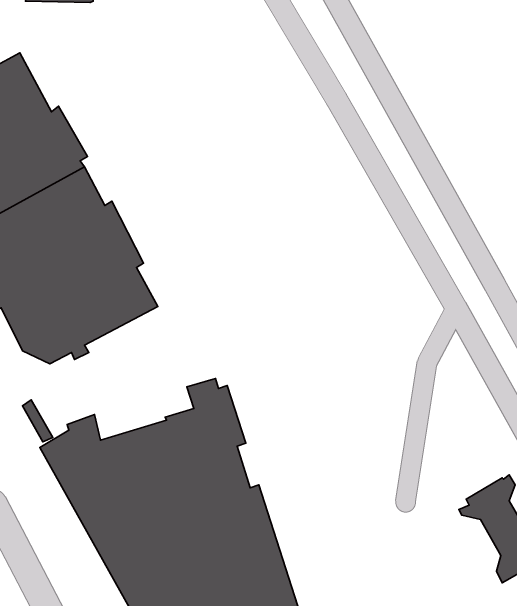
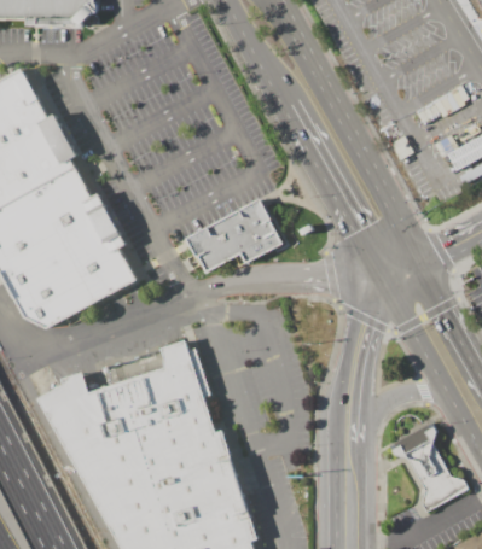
building: none -> [187,199,281,275]

